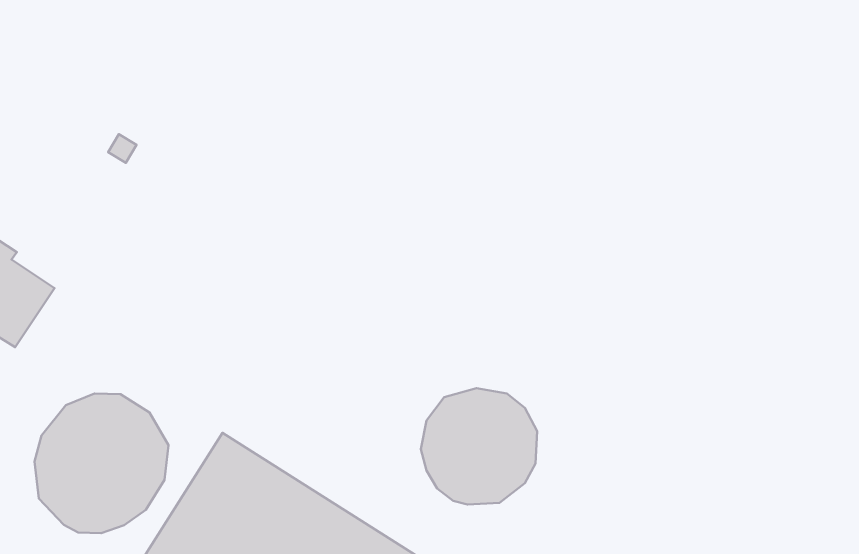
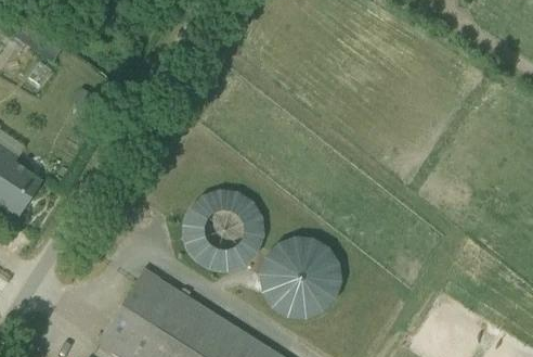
building: none -> [174,181,268,278]
building: [34,394,168,533] -> none

